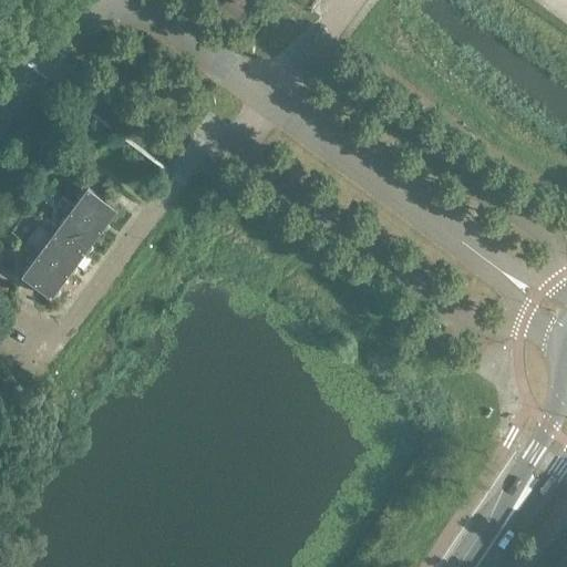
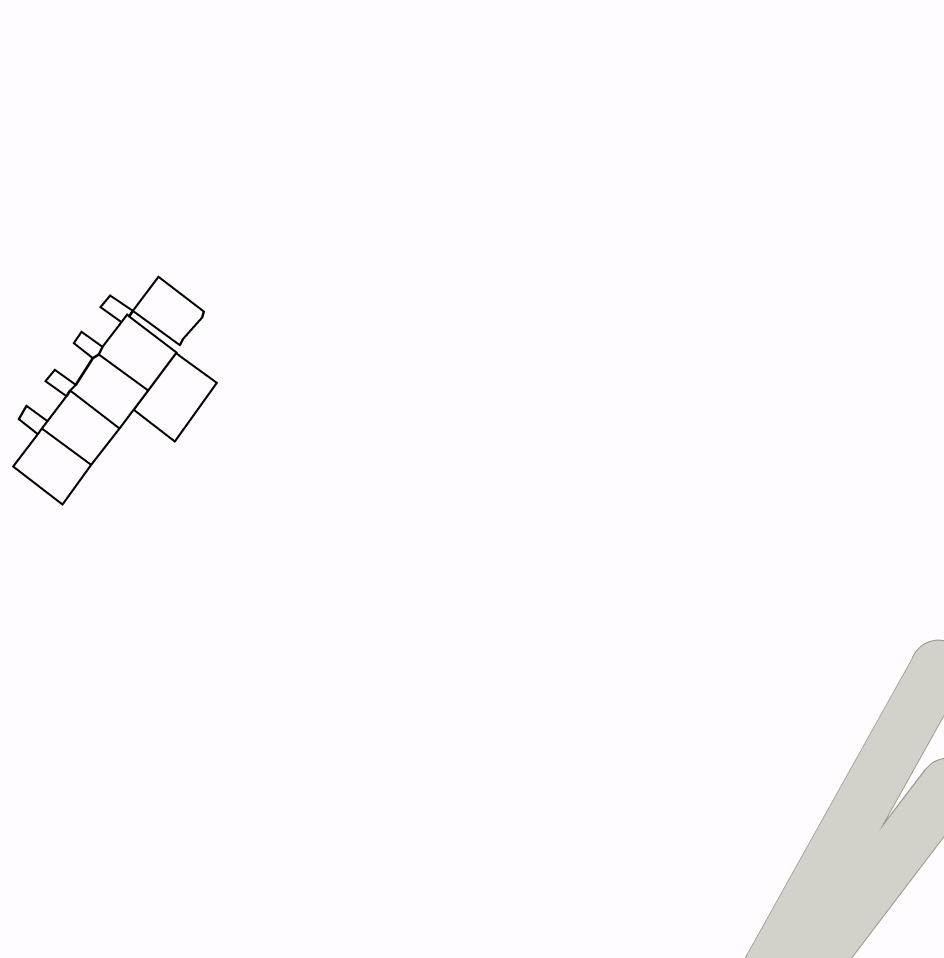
building: none -> [133,277,204,345]
building: none -> [134,353,217,441]

